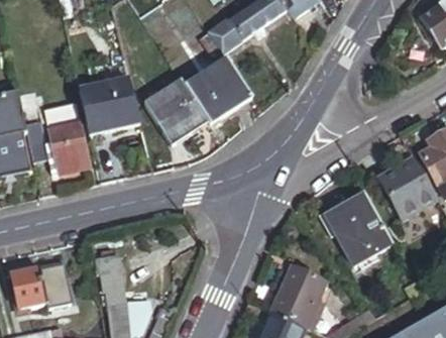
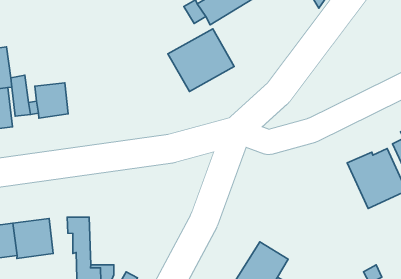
building: [78,74,139,133] -> none
building: [142,78,208,144] -> none
building: [325,194,392,263] -> none

